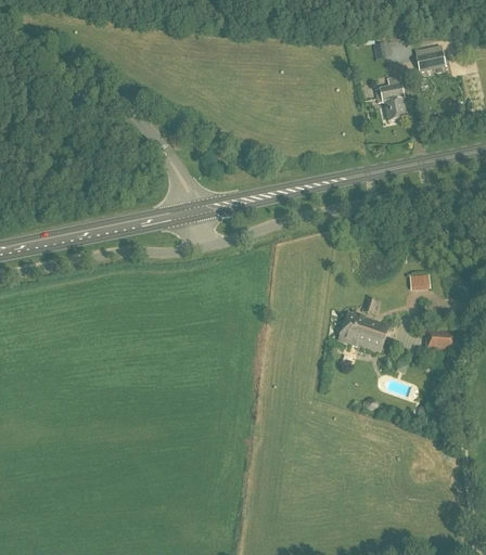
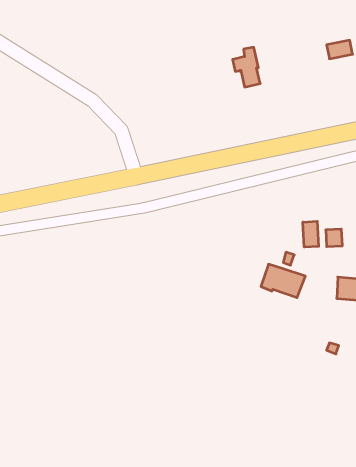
building: [372,75,405,121] -> [233,47,260,87]
building: none -> [303,221,319,247]

